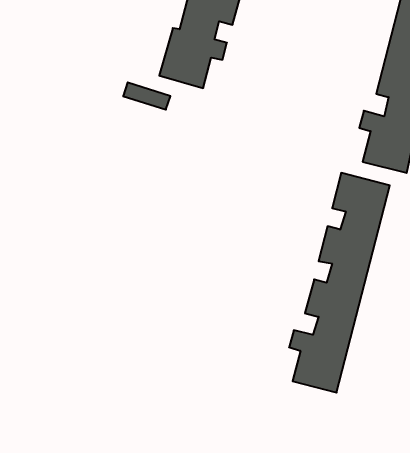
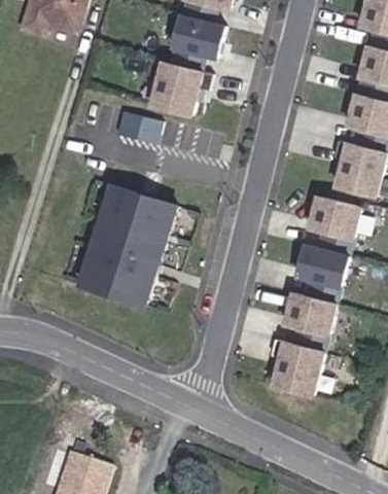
building: none -> [78,184,175,305]

